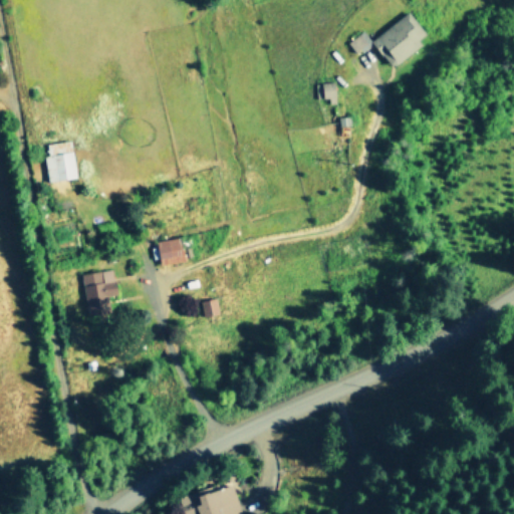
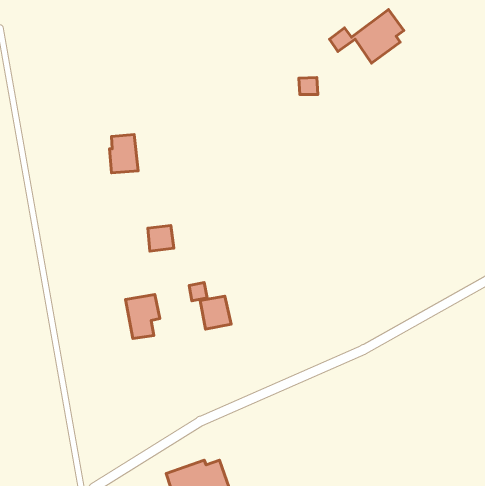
building: [47,142,77,182] -> [109,135,138,173]
building: [82,270,118,316] -> [125,295,160,339]
building: none -> [200,296,231,329]

